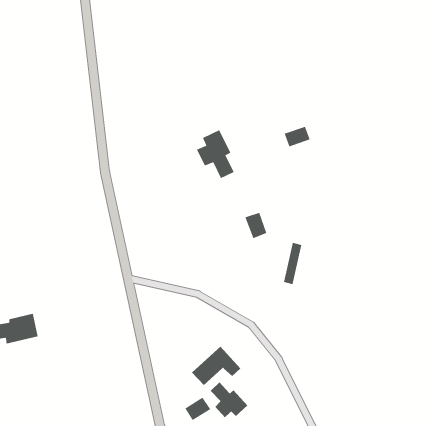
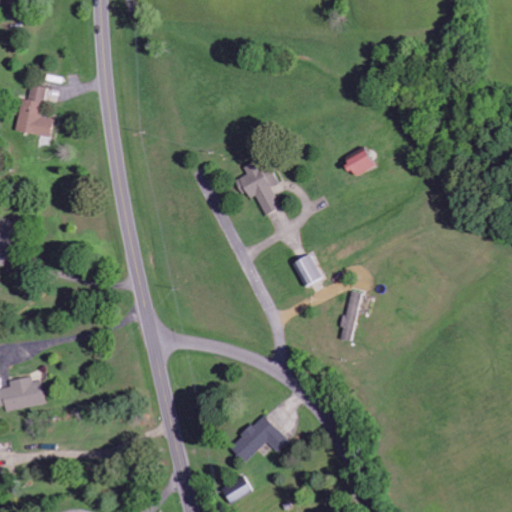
building: none -> [15,84,53,136]
building: [210,381,248,418] -> none

